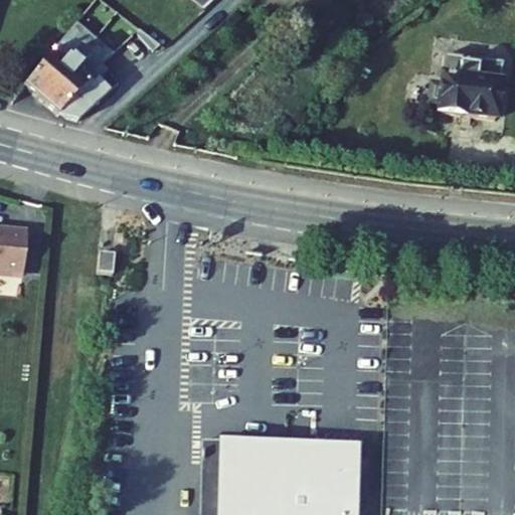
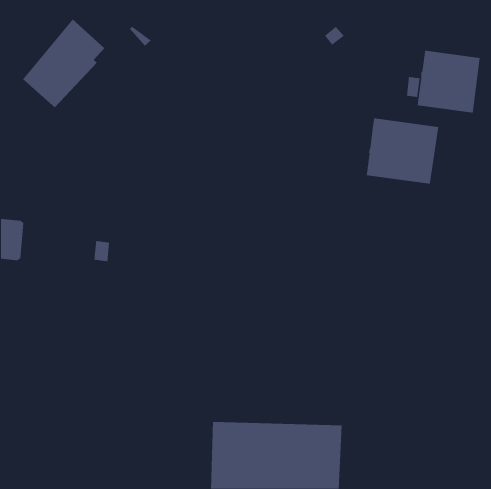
building: [59,65,110,118] -> none
building: none -> [366,118,439,184]

